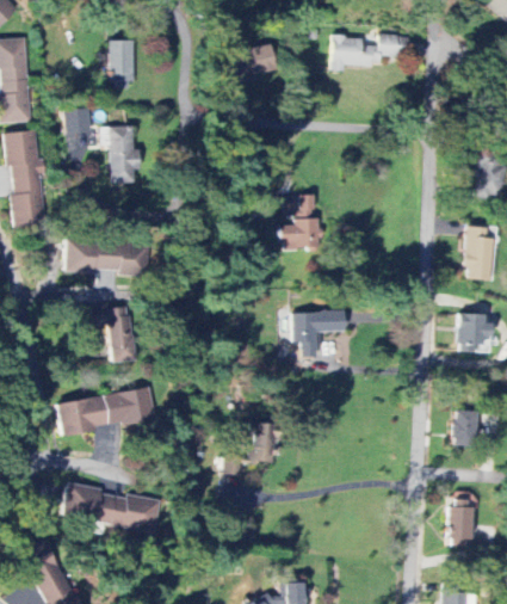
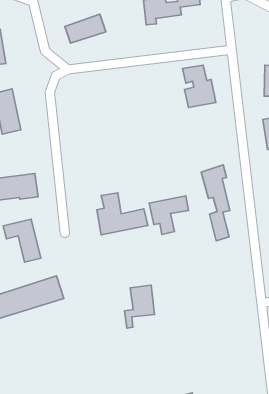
building: [282,197,321,251] -> [183,65,216,107]
building: none -> [201,165,230,241]
building: none -> [97,193,148,235]
building: [62,486,161,530] -> none

